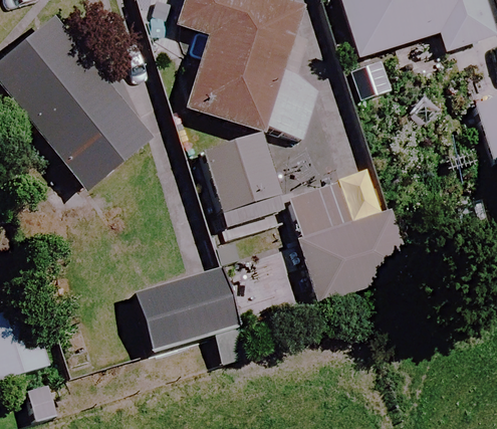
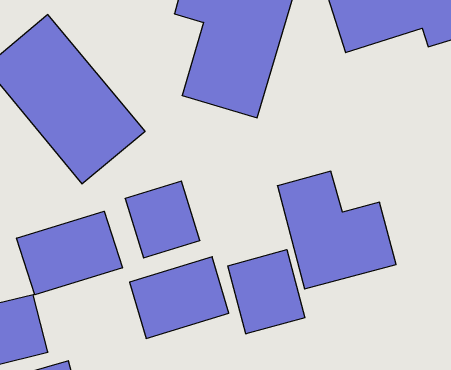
building: [206,124,283,203] -> [125,181,200,258]
building: none -> [17,211,122,295]
building: none -> [228,250,305,334]

